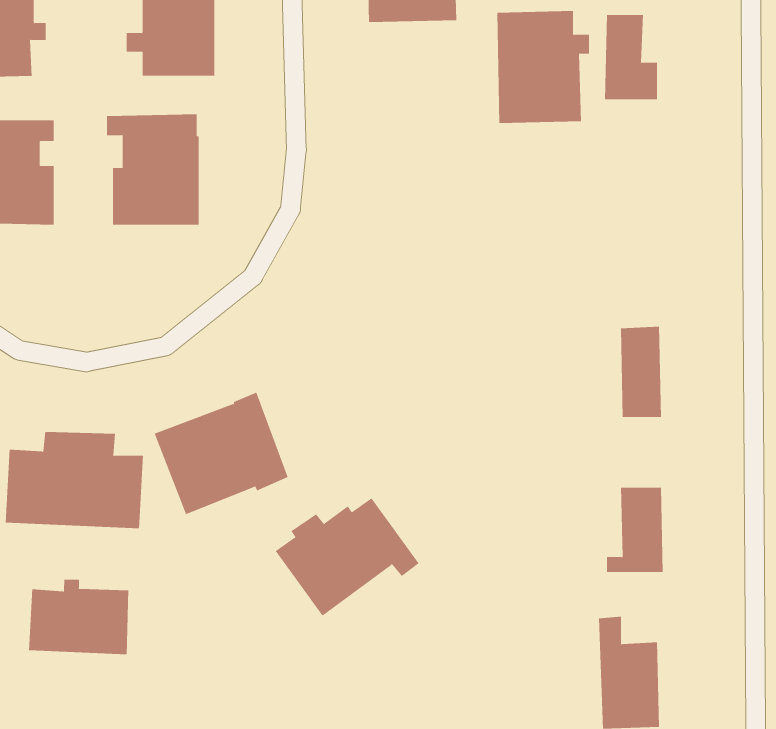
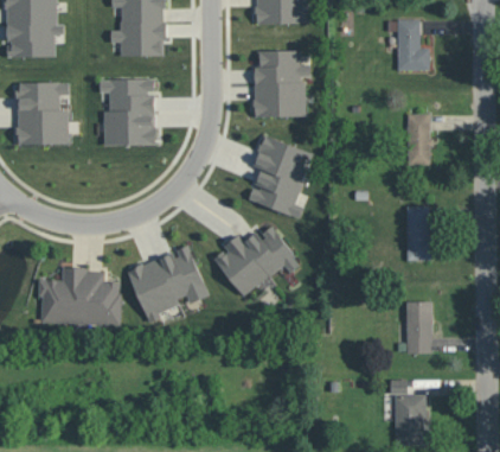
building: [497,10,590,124] -> [254,50,309,117]
building: none -> [406,114,430,165]
building: none -> [248,135,313,218]
building: [275,498,420,617] -> [213,225,300,297]
building: [29,579,129,655] -> none

